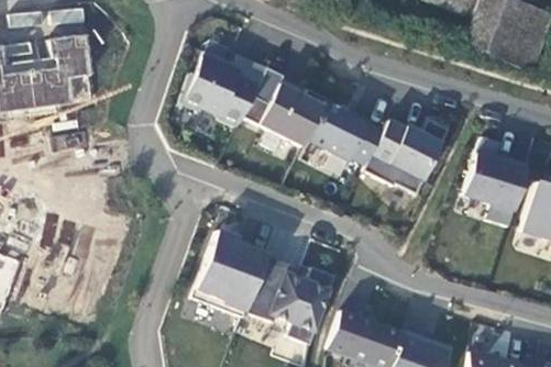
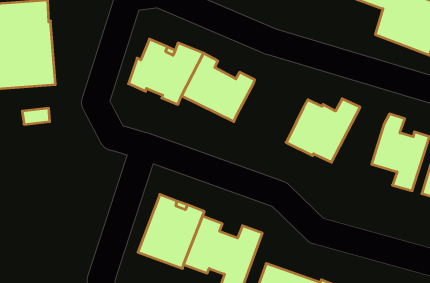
building: [306,100,383,164] -> none

